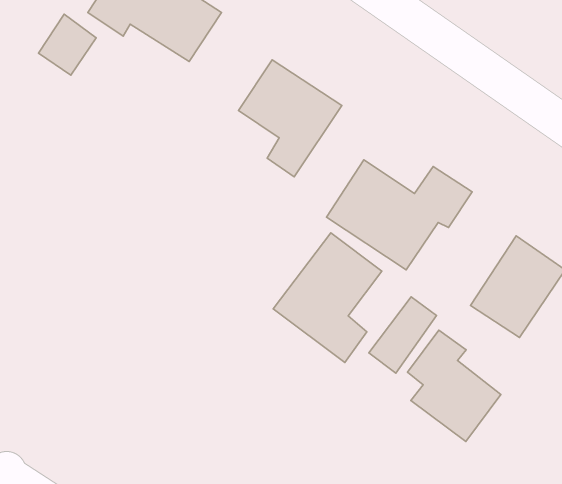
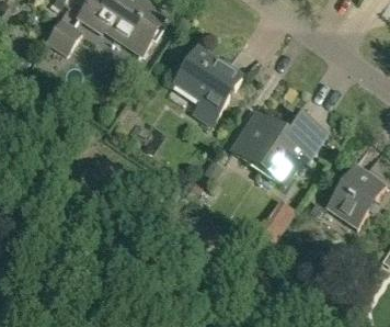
building: [273,233,382,362] -> none
building: [407,330,501,441] -> none

